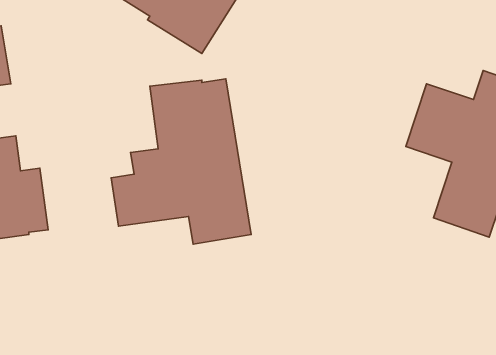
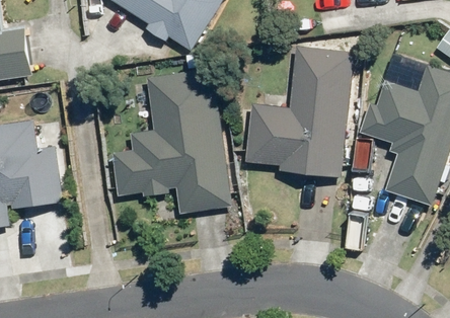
building: none -> [244,52,351,176]

